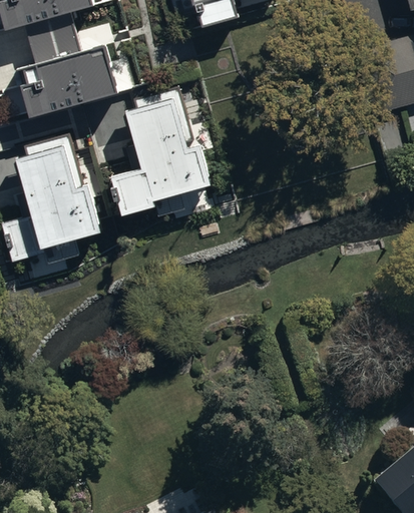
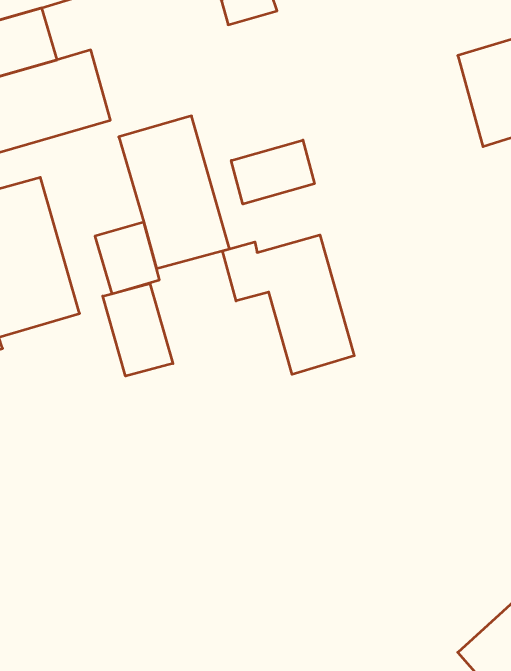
building: none -> [231,140,314,204]
building: none -> [222,235,354,374]
building: none -> [103,284,173,376]

